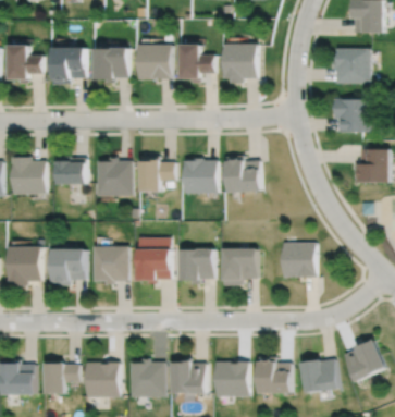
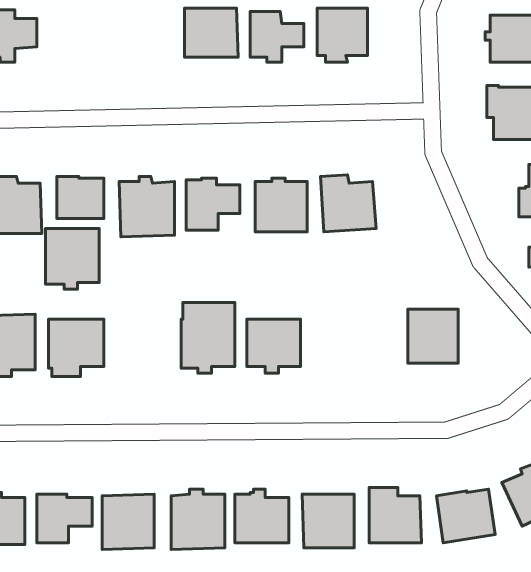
building: [49,50,85,83] -> none
building: [92,50,128,82] -> none
building: [91,245,126,284] -> [46,229,99,289]
building: [221,247,256,284] -> none

